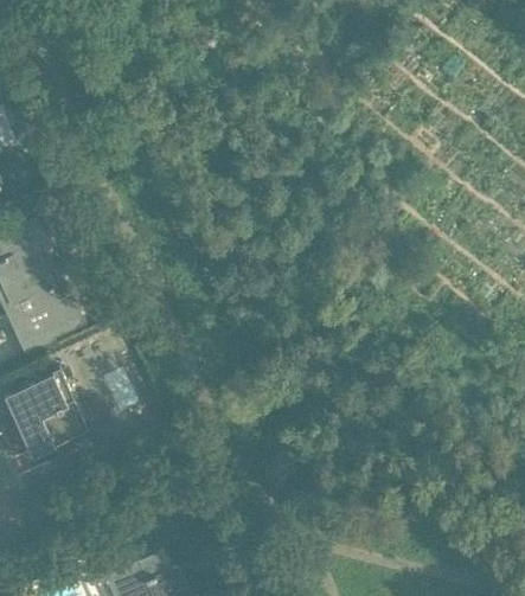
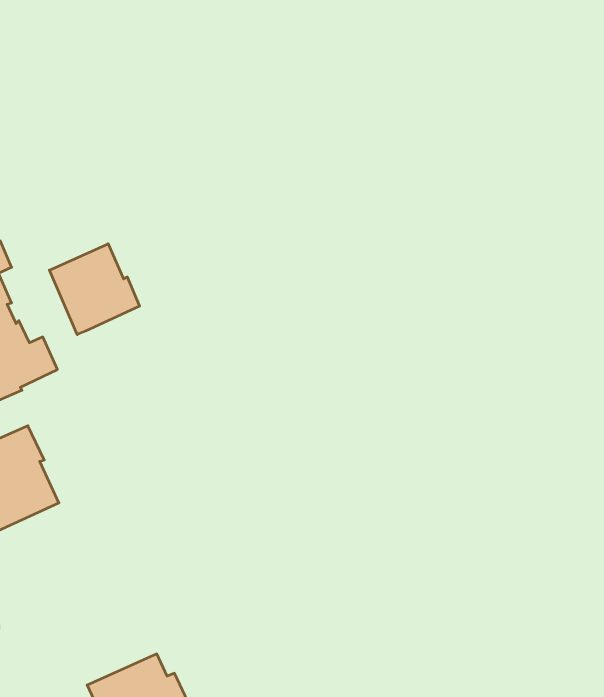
building: none -> [49,244,140,335]

